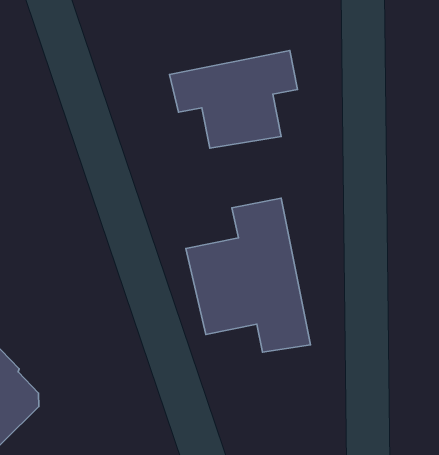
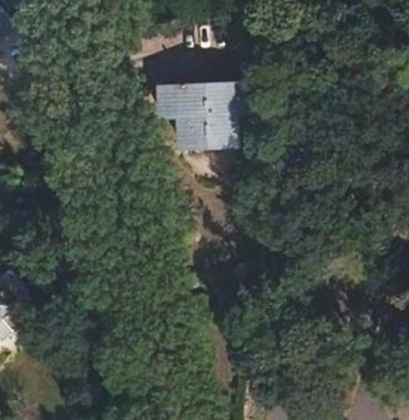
building: [186,198,310,352] -> none

